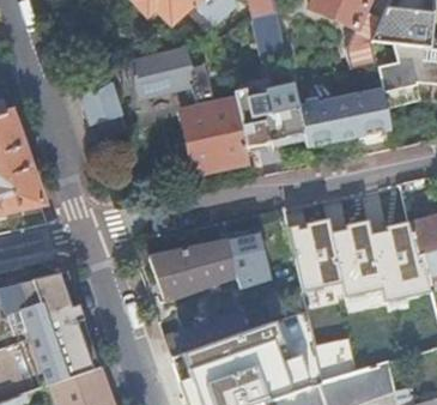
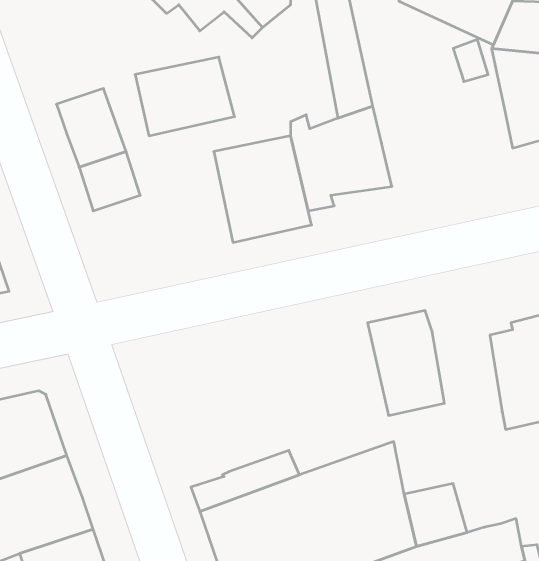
building: [298,86,393,147] -> none
building: [333,222,381,297] -> none
building: [150,232,272,302] -> none

